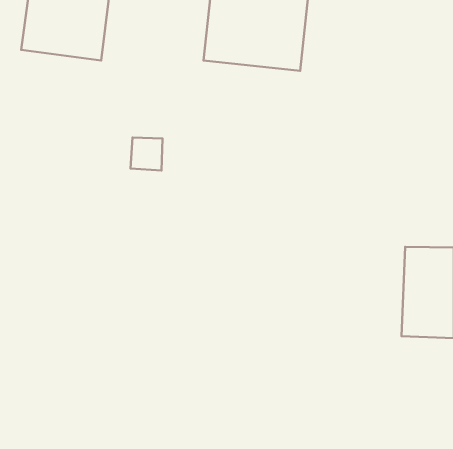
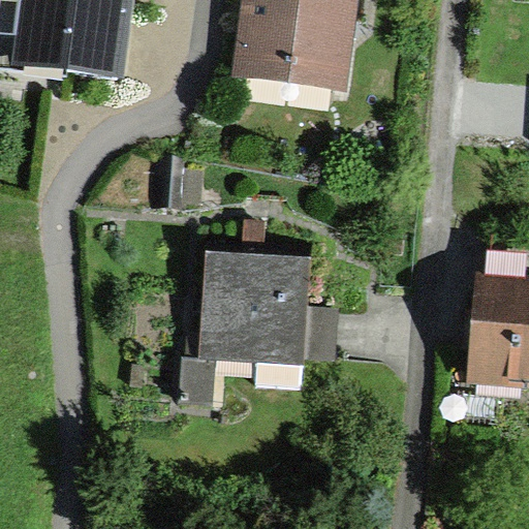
building: none -> [180,255,331,399]

